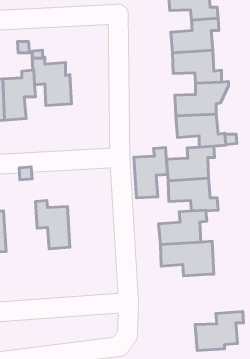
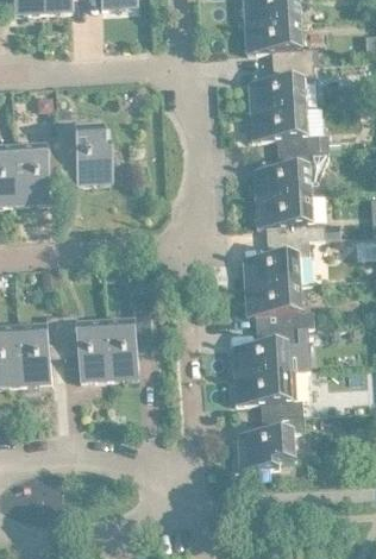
building: [134,148,167,198] -> [105,310,151,379]
building: none -> [17,316,63,385]
building: [195,312,244,350] -> [237,416,303,470]

